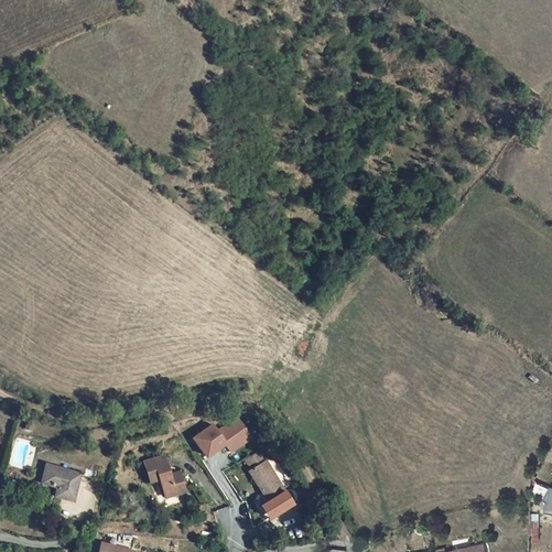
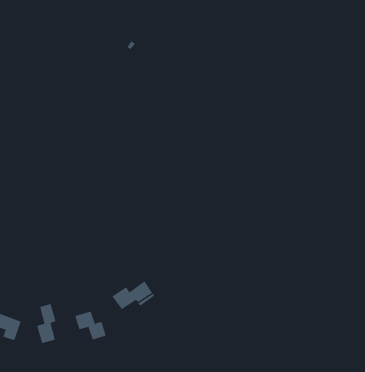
building: none -> [37,303,56,344]
building: [247,456,290,508] -> none

